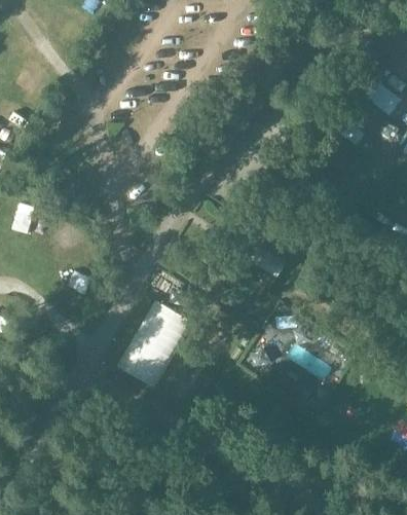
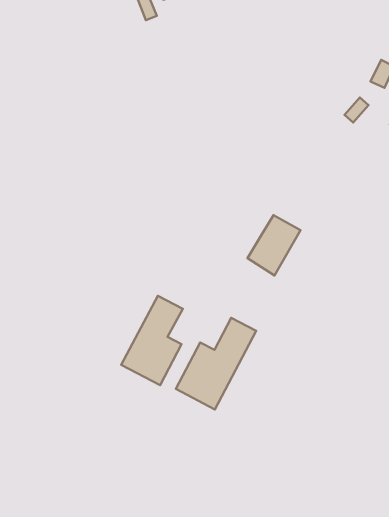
building: none -> [176,318,256,409]

